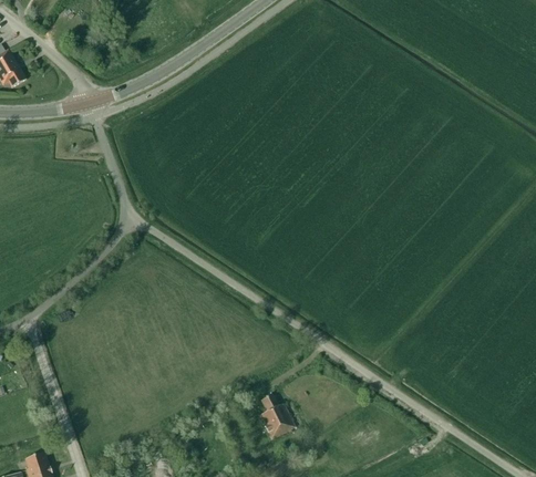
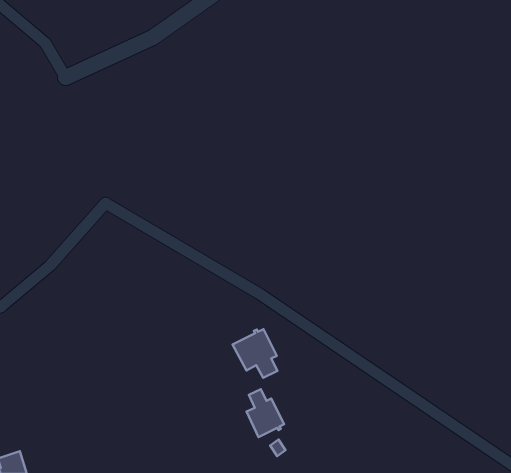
building: none -> [232,329,277,378]

